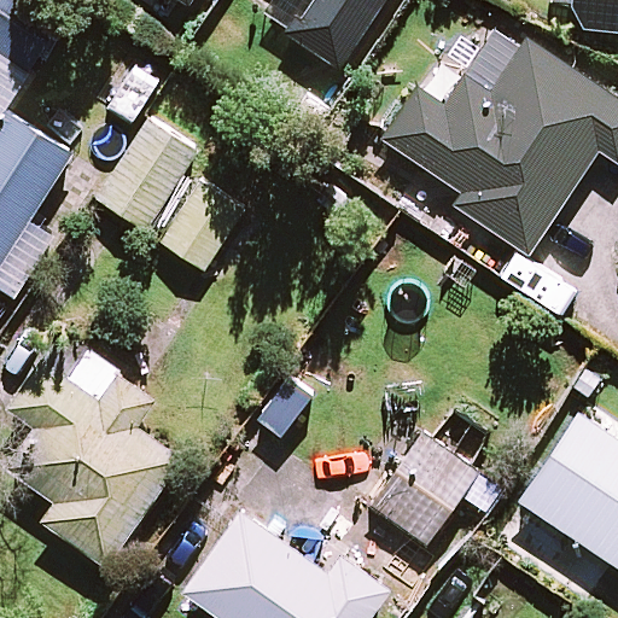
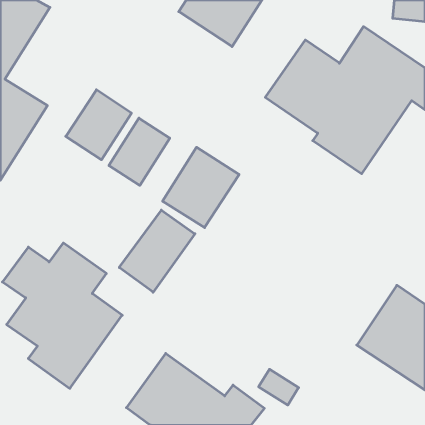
building: none -> [163,147,239,228]
building: none -> [119,210,195,292]
building: [371,433,477,544] -> none

